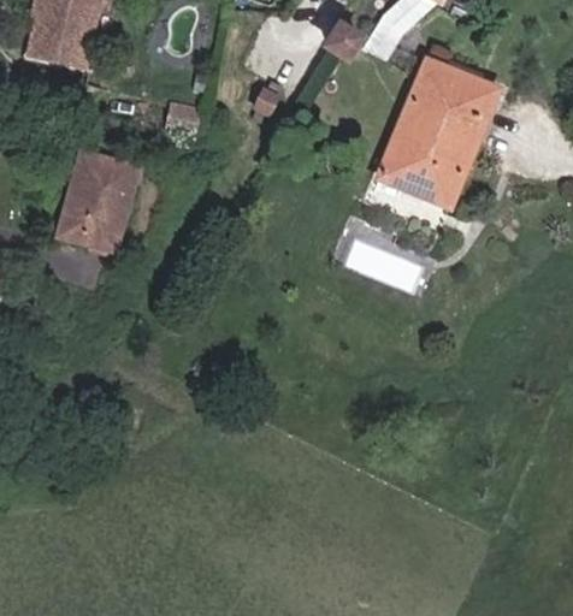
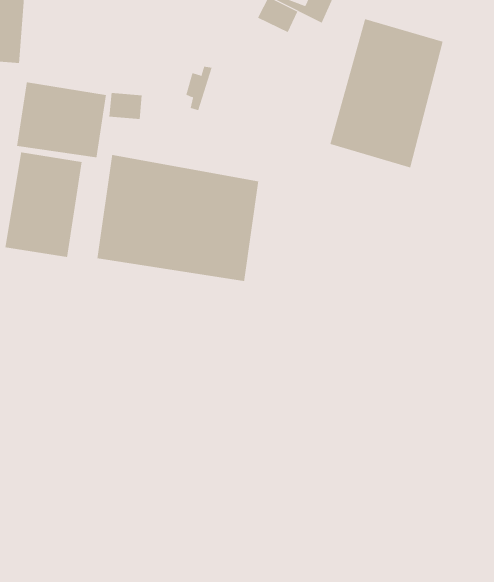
building: none -> [16,82,107,158]
building: none -> [97,154,259,282]

